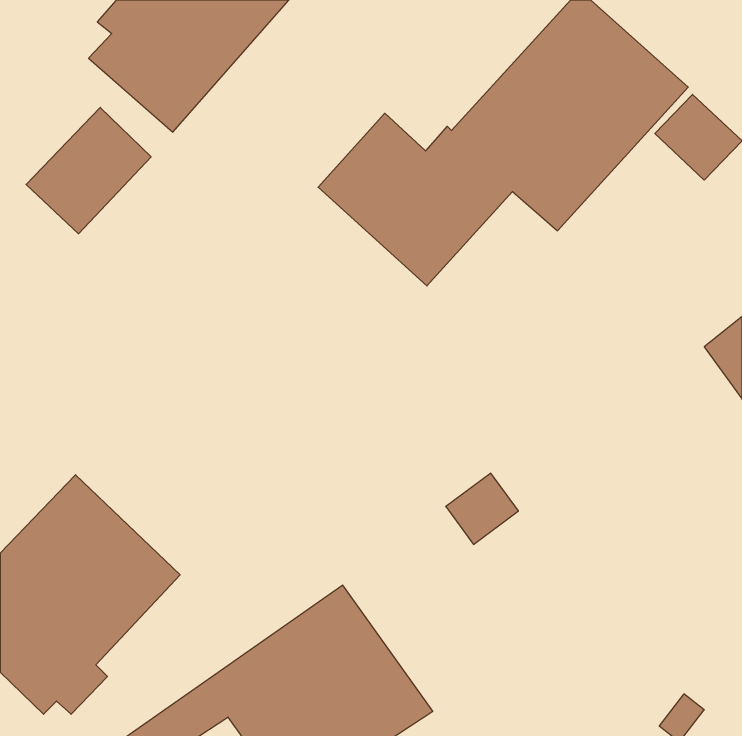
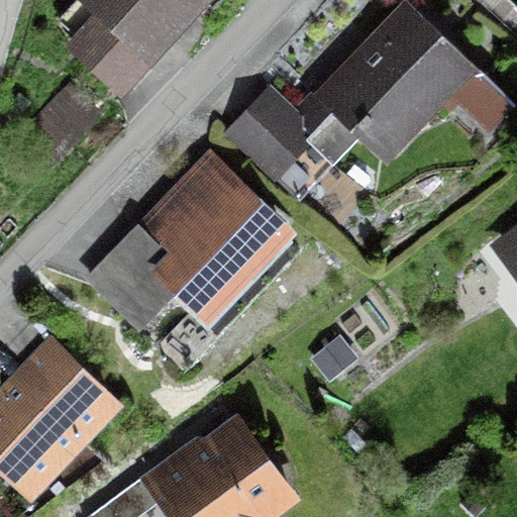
building: none -> [85,147,299,339]

